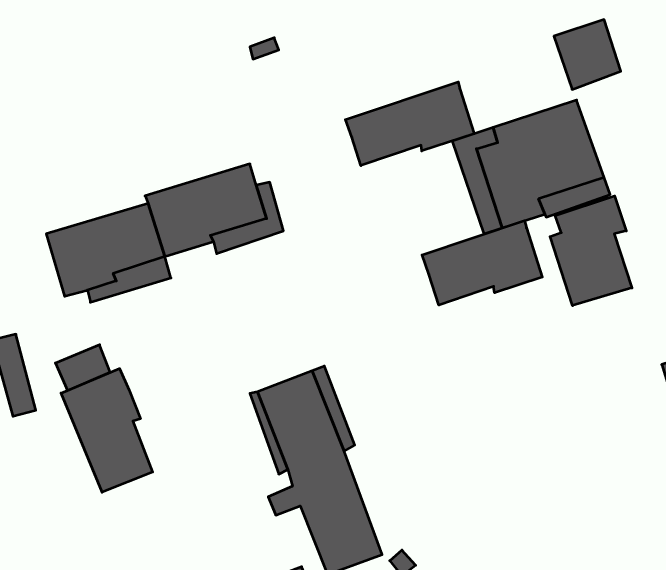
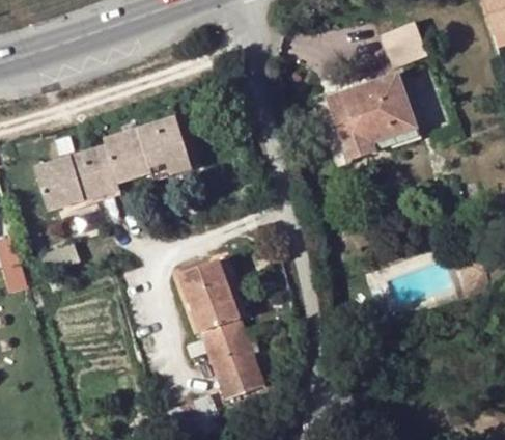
building: [345,82,474,166] -> none
building: [550,196,632,306] -> none
building: [422,221,542,305] -> none
building: [61,369,153,492] -> none

